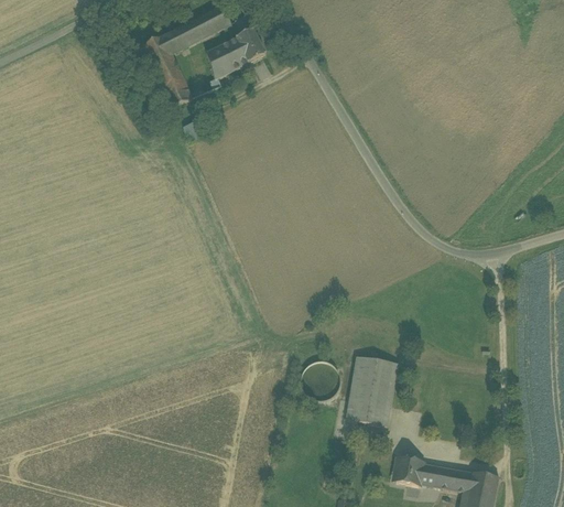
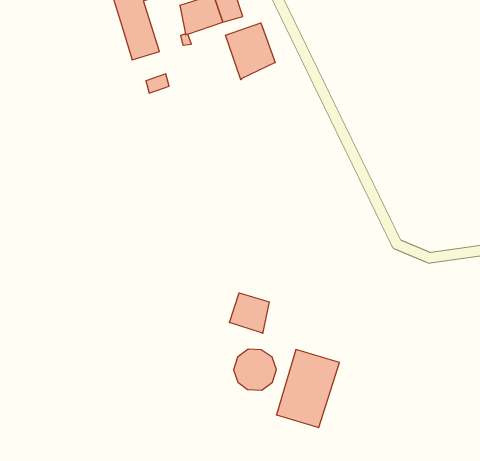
building: none -> [226,23,275,80]
building: none -> [229,293,269,333]

